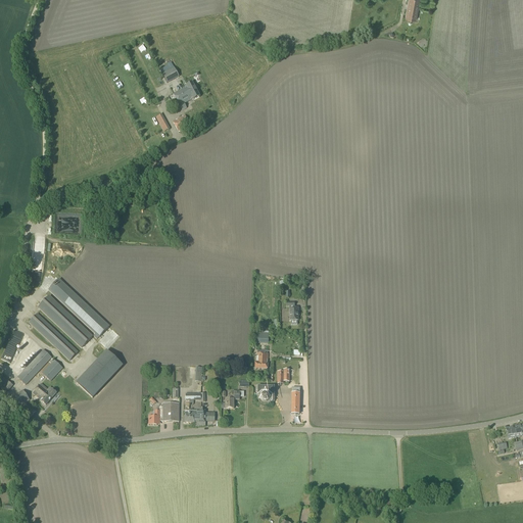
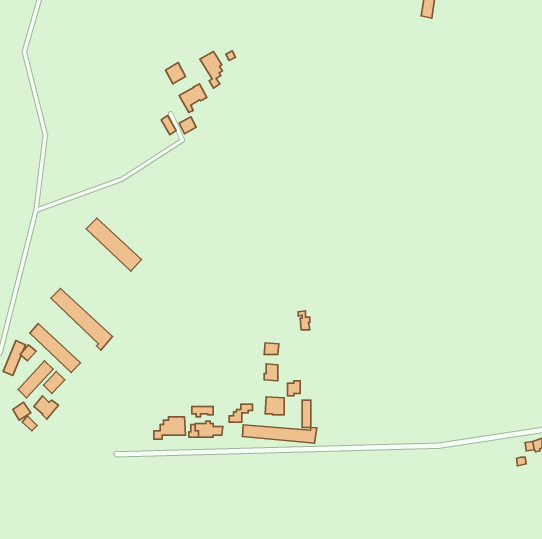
building: none -> [200,52,222,88]
building: [39,294,92,345] -> [86,218,141,271]
building: [77,348,123,395] -> none
building: none -> [242,425,317,443]

